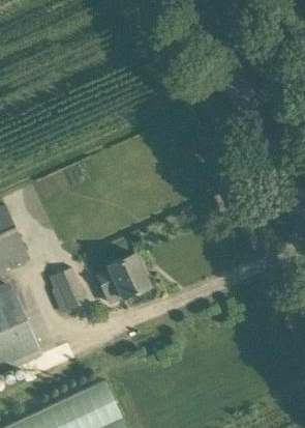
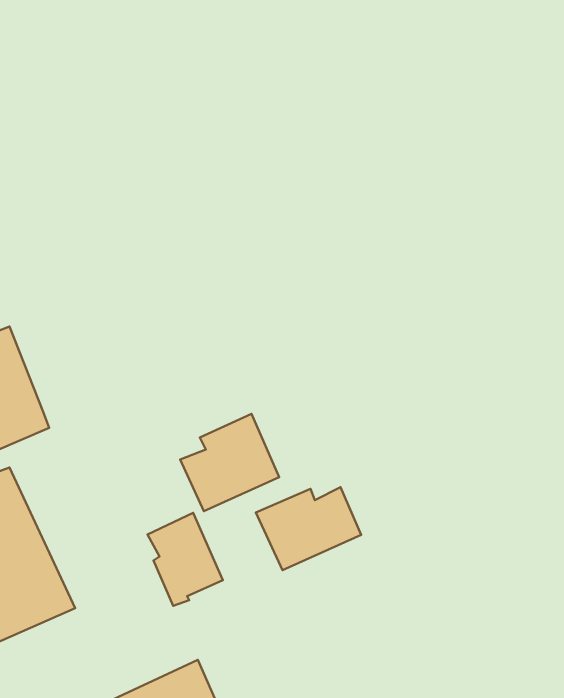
building: [49,262,88,311] -> [147,513,223,606]
building: none -> [256,487,361,570]

